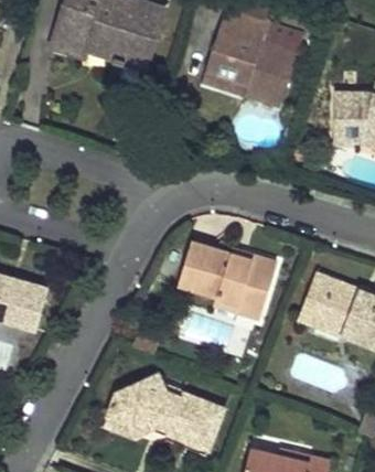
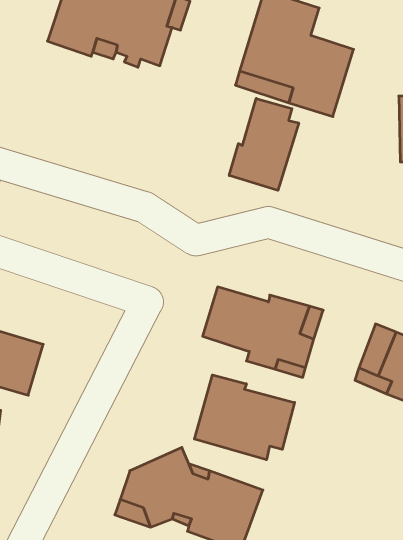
building: none -> [229,98,299,190]
building: none -> [194,375,295,460]

